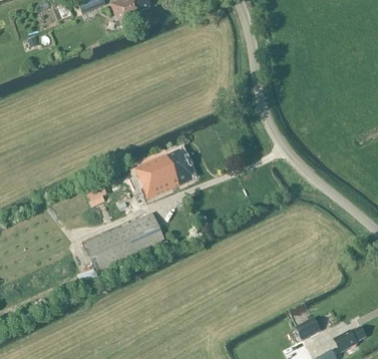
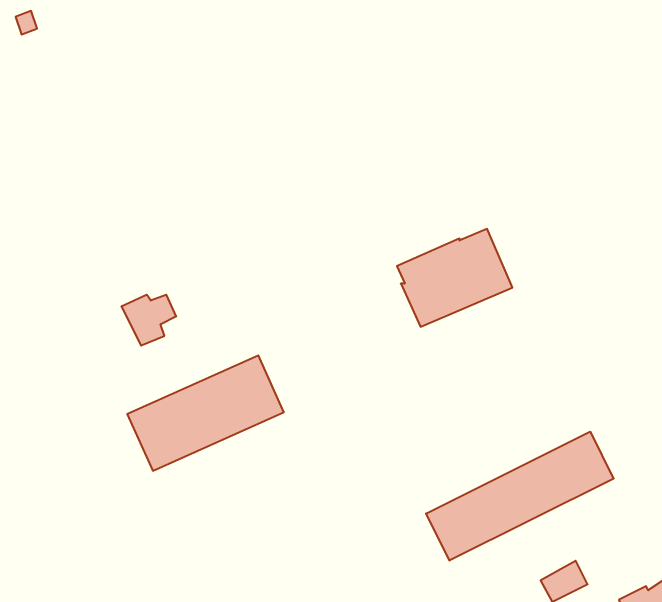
building: [133,148,193,199] -> [397,229,512,327]
building: none -> [426,432,614,561]

